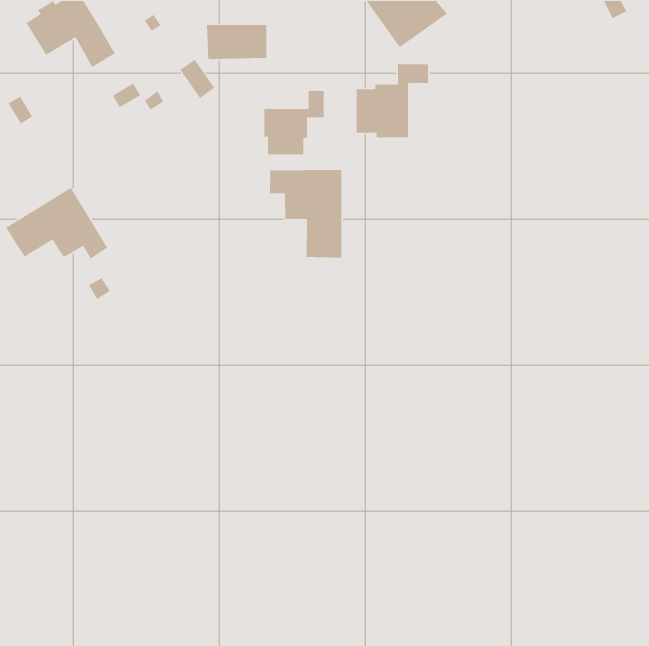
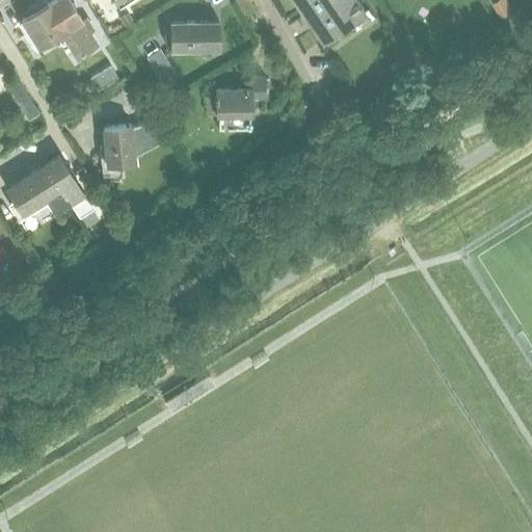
building: [356,64,429,138] -> none
building: none -> [99,114,169,167]
building: [269,169,342,258] -> none

